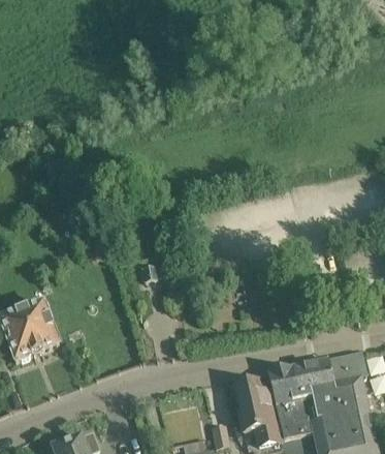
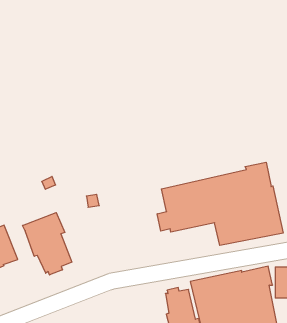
building: none -> [157,162,283,245]
building: none -> [23,213,72,275]

